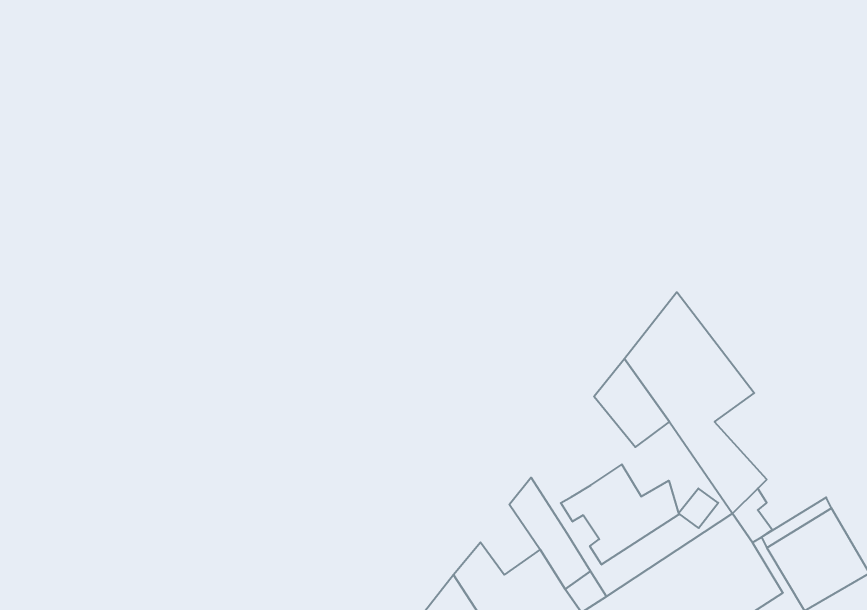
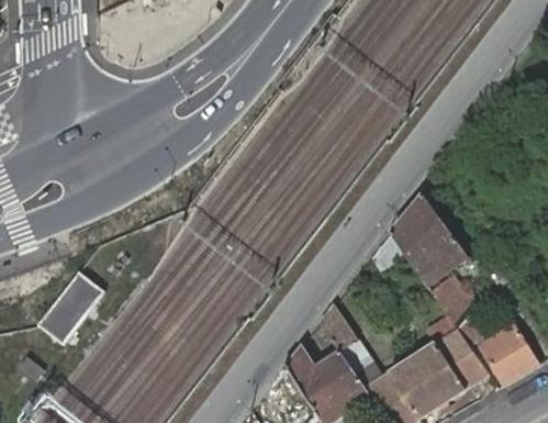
building: none -> [40,268,107,341]
building: [561,464,679,565] -> none

